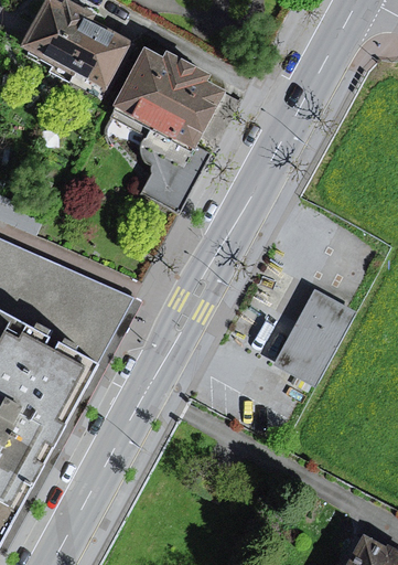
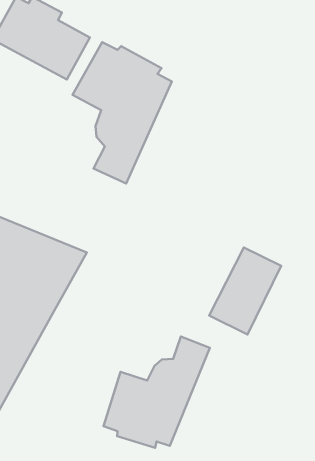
building: none -> [104,337,210,448]

